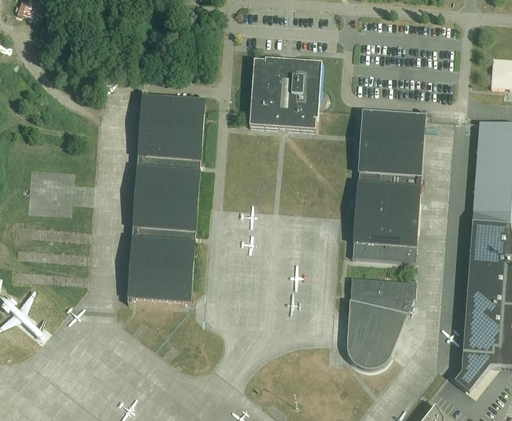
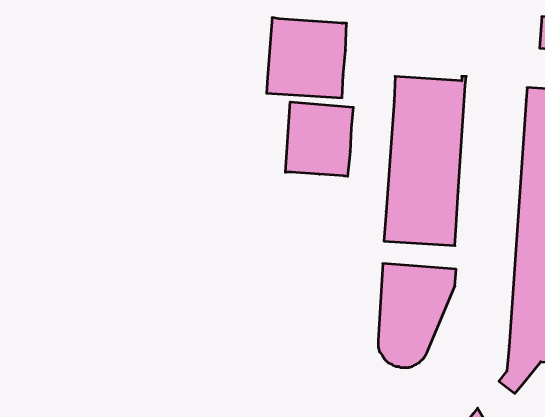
building: [128,90,206,302] -> none
building: none -> [285,102,353,176]

